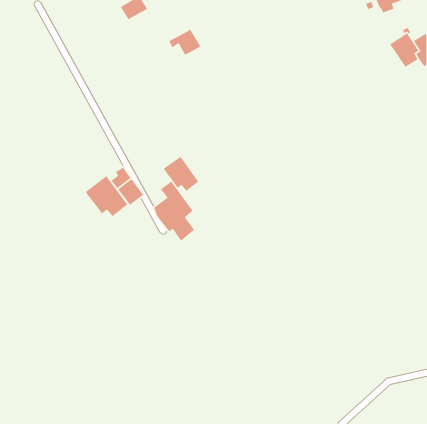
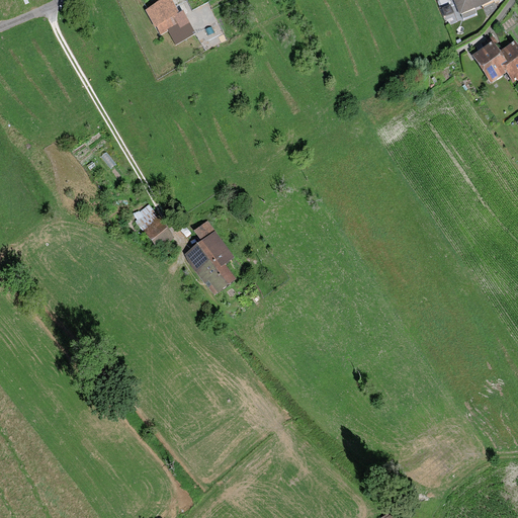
building: [168,28,202,56] -> [155,9,195,42]
building: [163,156,199,192] -> none
building: [85,175,128,217] -> none

